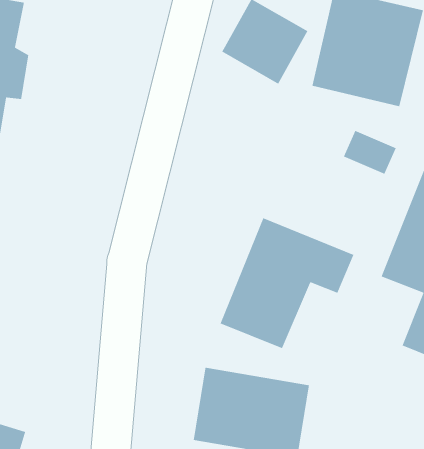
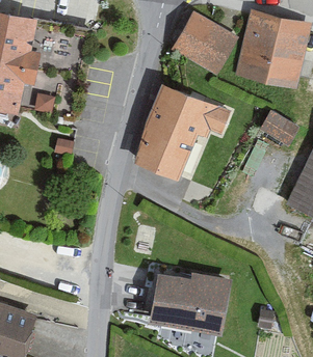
building: [219,217,354,349] -> [134,86,228,177]

